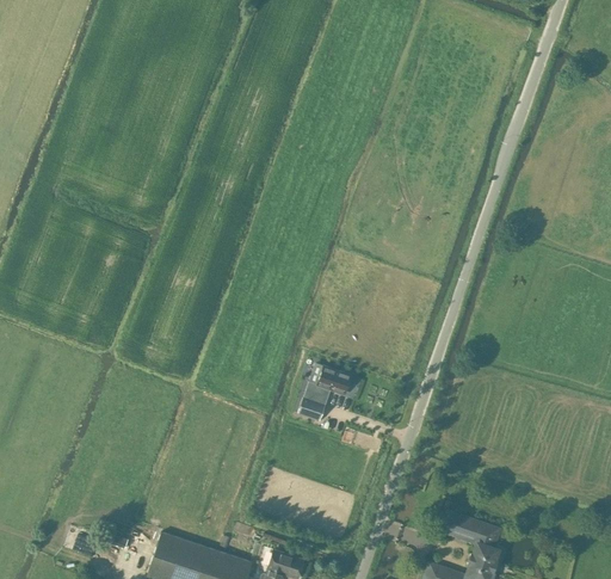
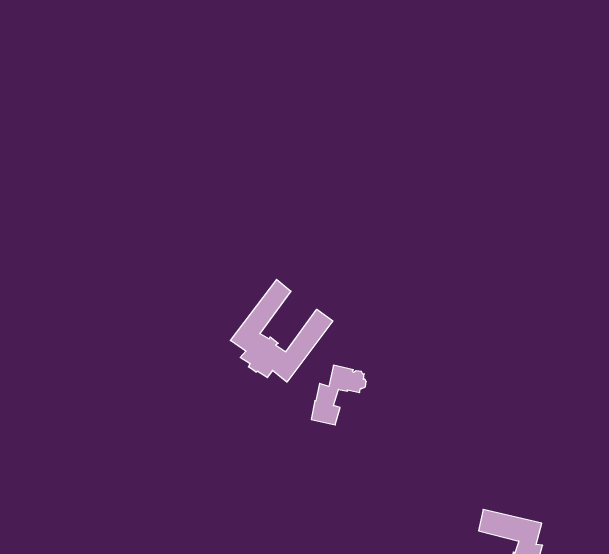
building: none -> [230,279,333,382]

